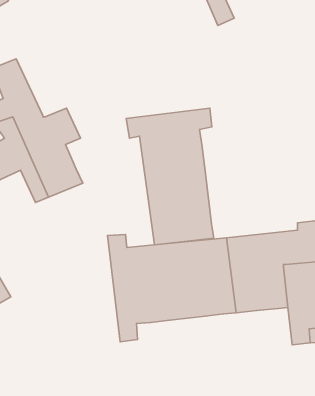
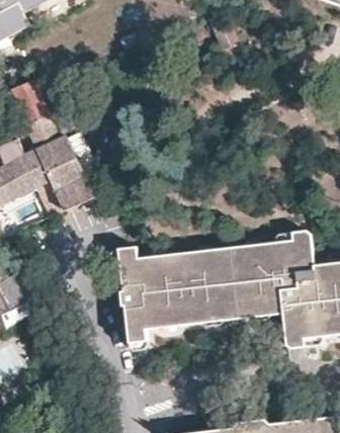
building: [126,108,214,245] -> none

